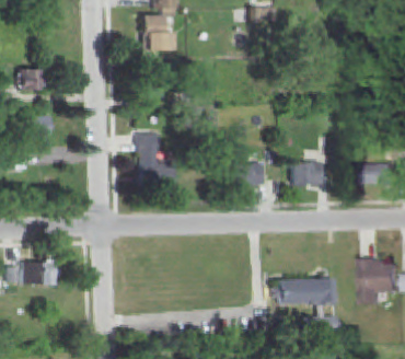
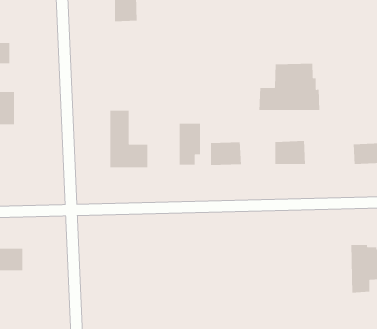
building: none -> [258,63,320,111]
building: none -> [179,123,201,165]
building: [277,277,335,303] -> none

